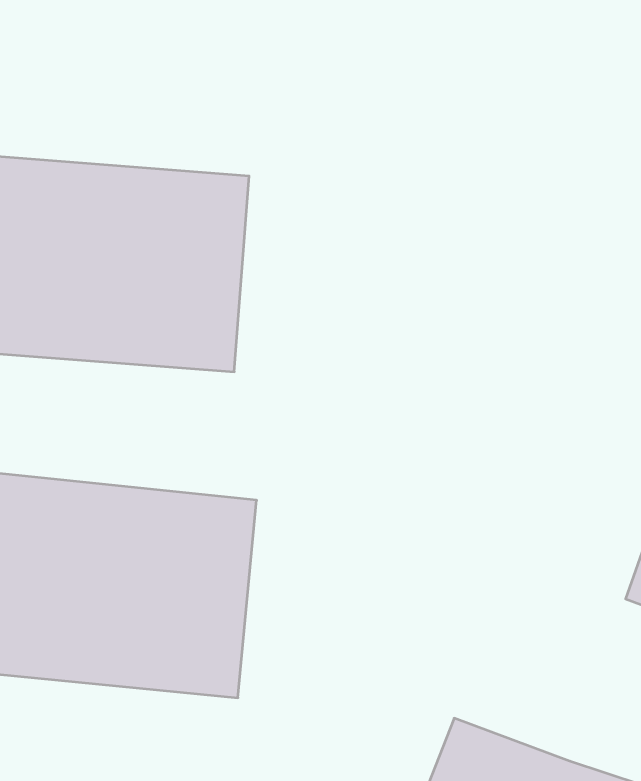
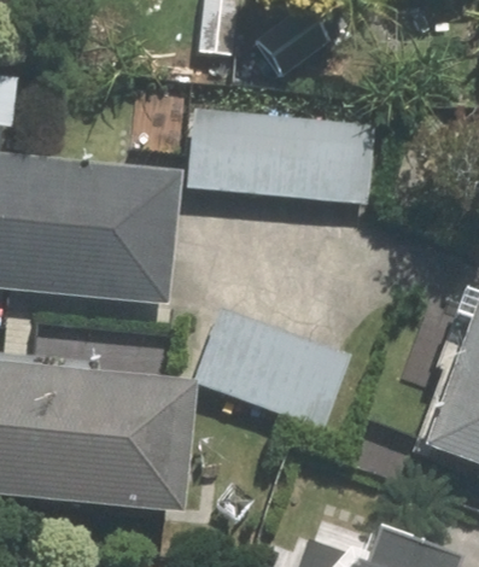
building: none -> [189,106,376,199]
building: none -> [194,308,352,429]

